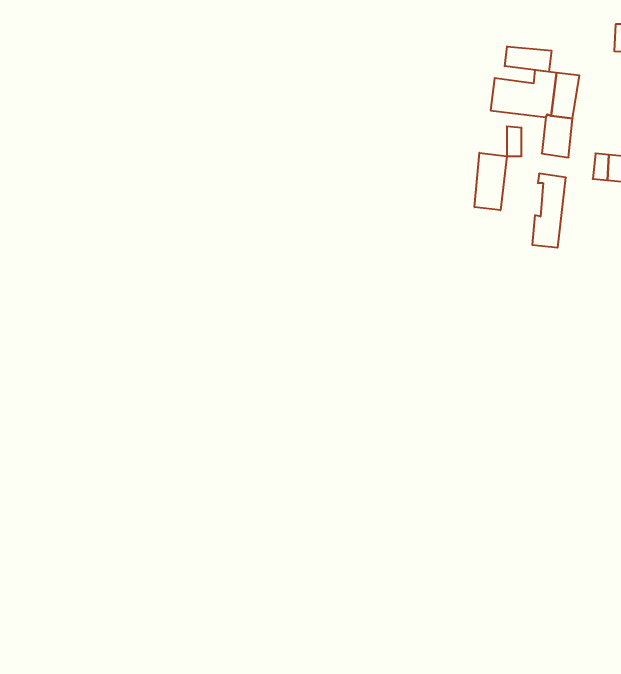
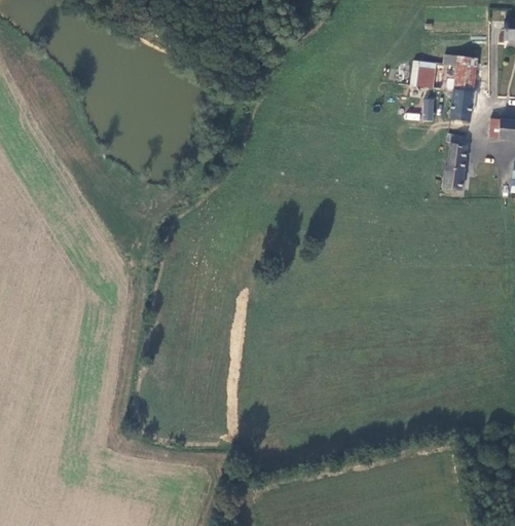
building: [505,46,551,72] -> none
building: [475,153,507,210] -> none

